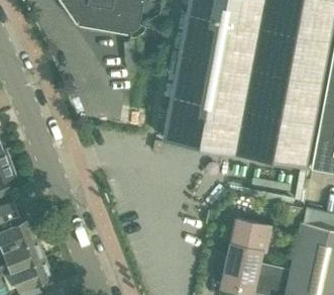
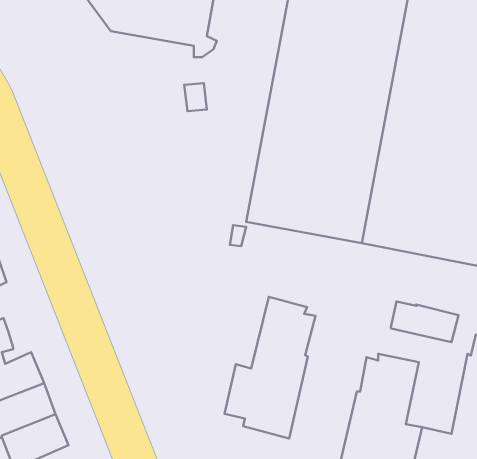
building: none -> [225,297,315,438]
building: none -> [391,302,458,342]

